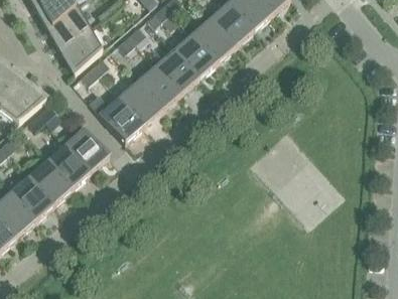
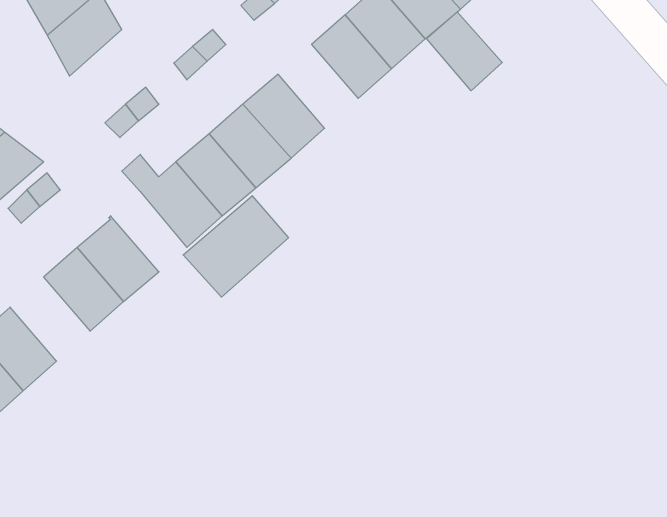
building: none -> [426,12,502,91]
building: [60,26,102,73] -> none
building: [173,34,217,80] -> none
building: none -> [183,196,288,297]
building: [28,160,72,205] -> none

